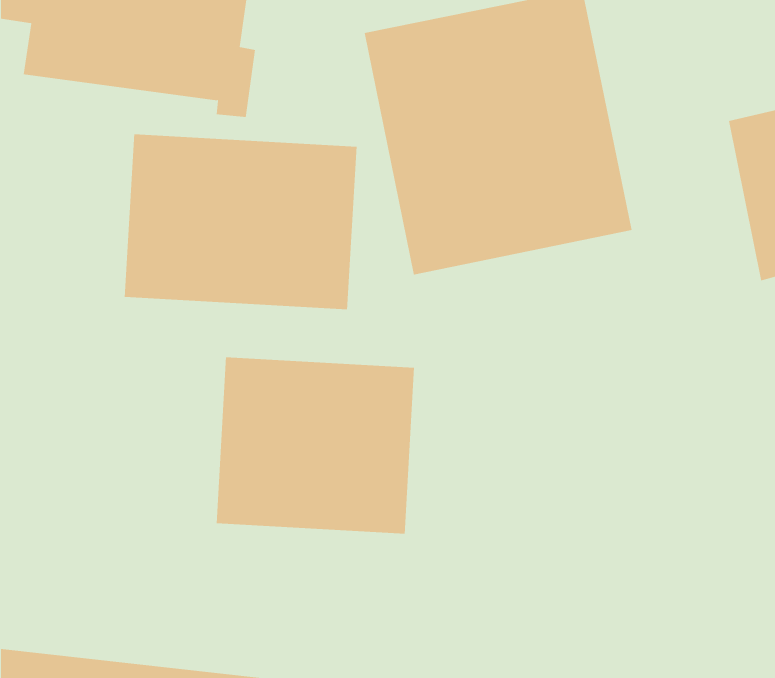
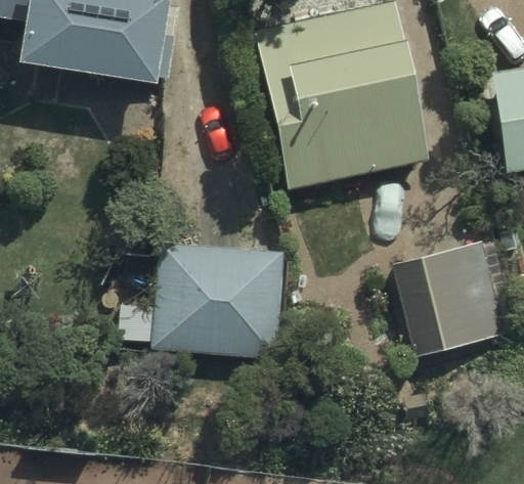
building: [124,134,357,310] -> none
building: none -> [402,243,516,363]

